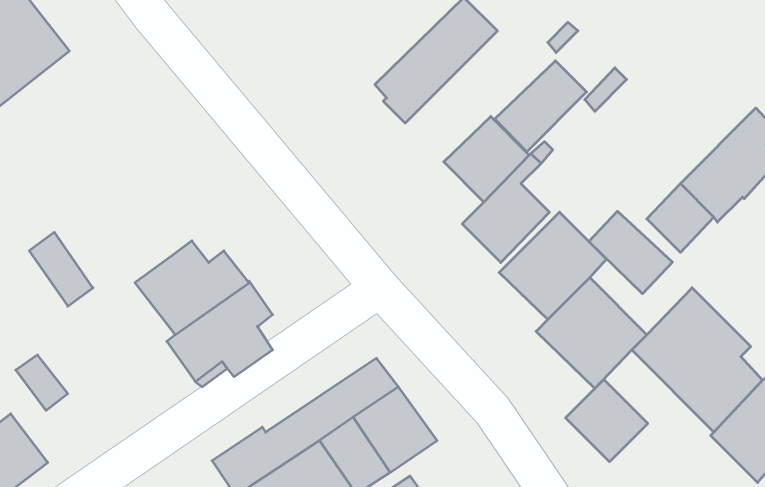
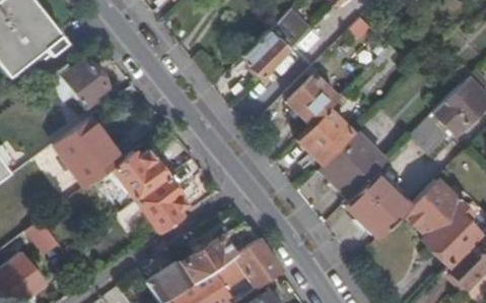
building: [495,61,587,152] -> none
building: none -> [55,54,112,107]
building: none -> [55,116,123,185]
building: [589,211,672,294] -> none
building: [566,379,648,462] -> none

